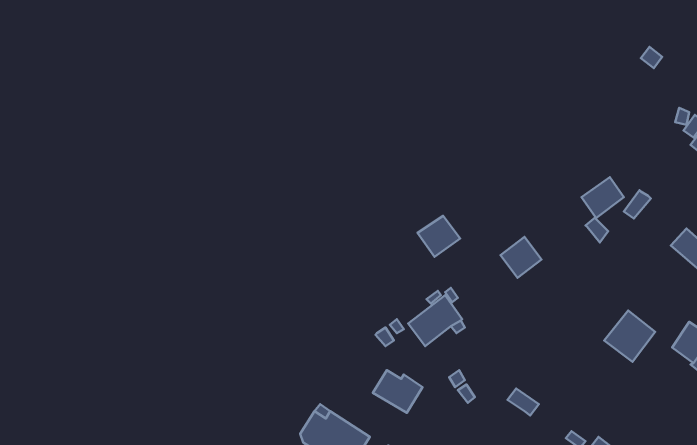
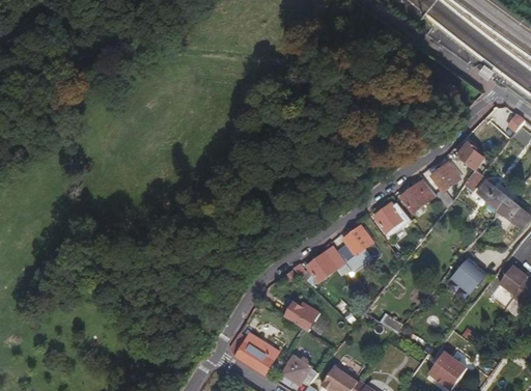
building: none -> [457,141,485,170]
building: none -> [399,178,437,214]
building: none -> [477,178,509,210]
building: [417,216,460,257] -> [342,226,373,256]

